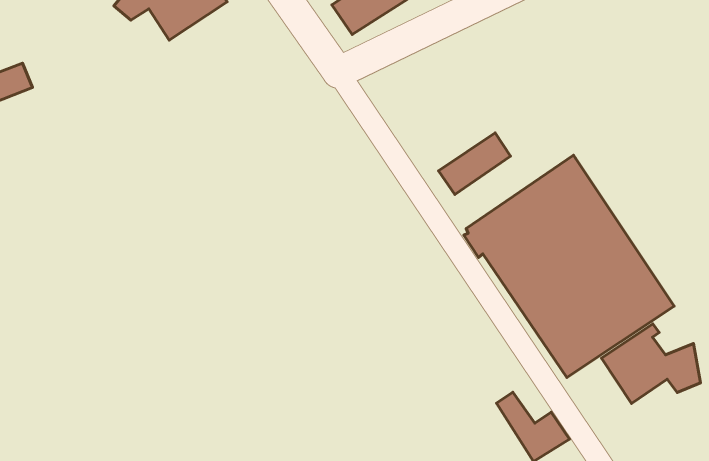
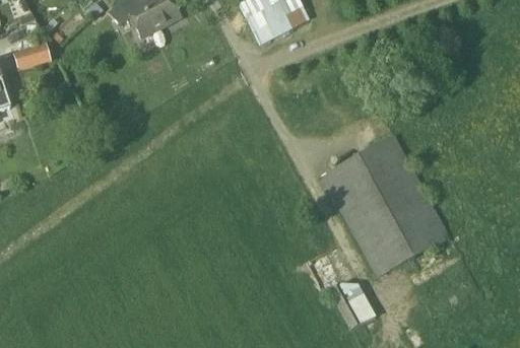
building: [439,133,510,195] -> none
building: [601,324,700,404] -> none

